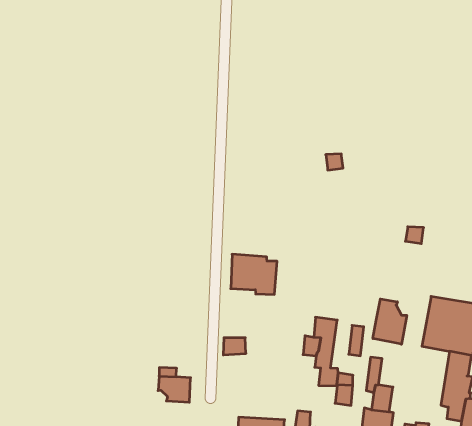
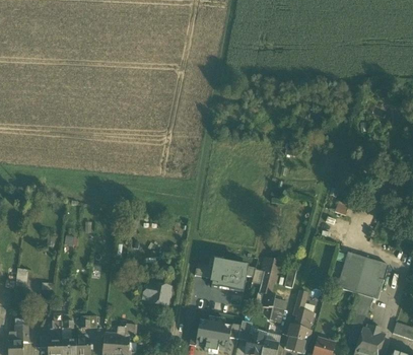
building: [231,254,277,294] -> [212,260,248,292]
building: [373,299,407,344] -> none

